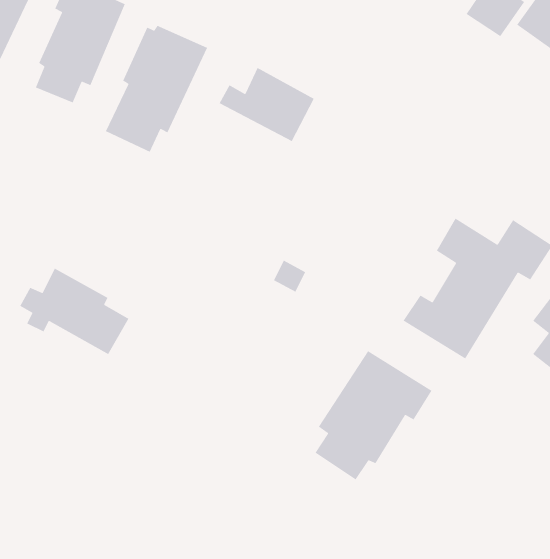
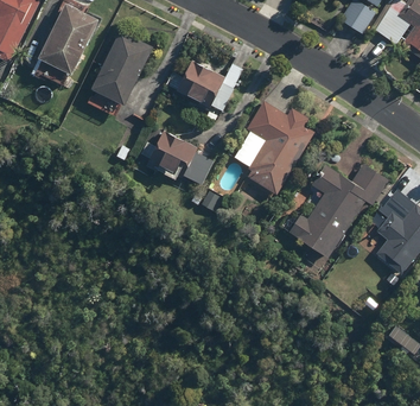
building: none -> [235,100,316,195]
building: [19,268,130,355] -> [139,127,214,186]
building: [314,350,432,481] -> none

